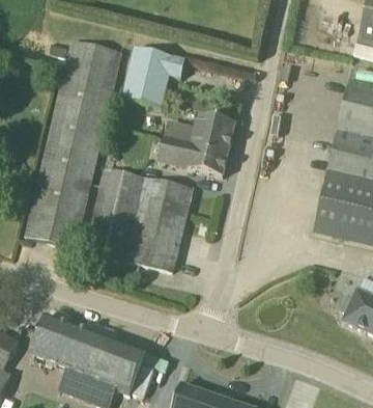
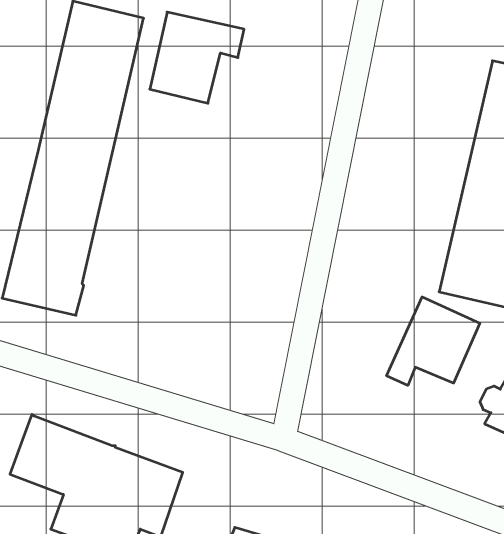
building: [161,112,235,174] -> none
building: [86,165,193,270] -> none
building: none -> [387,297,480,385]

